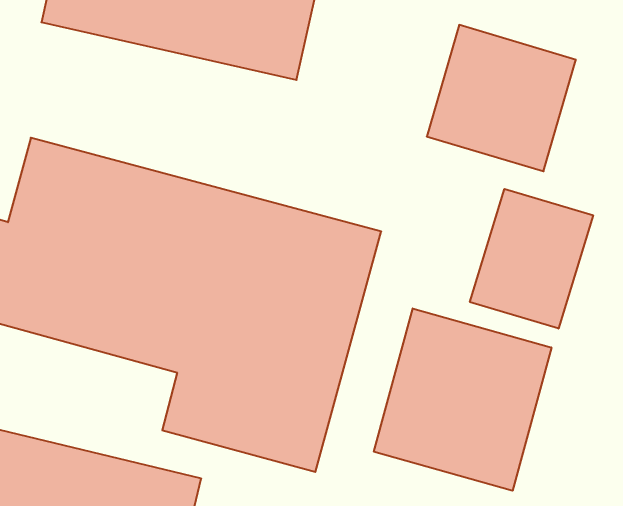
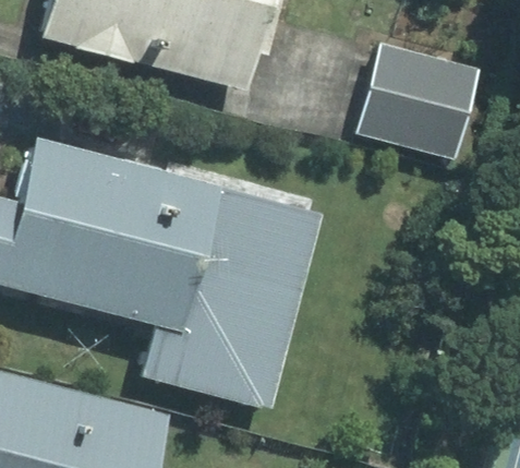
building: [470,189,593,329] -> none
building: [374,308,551,491] -> none

